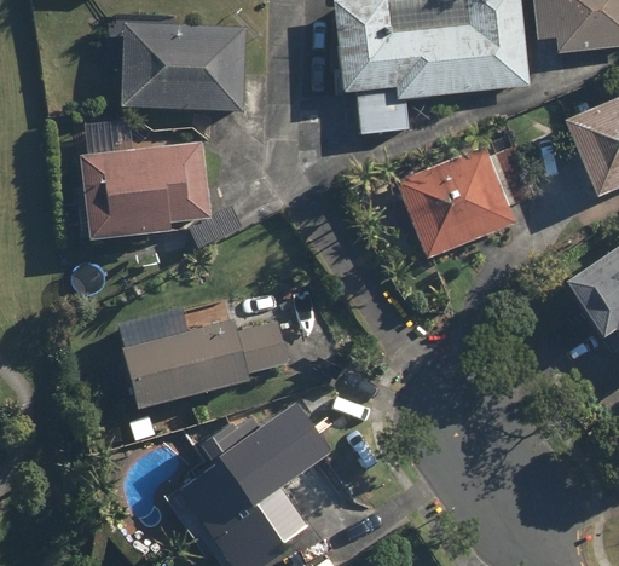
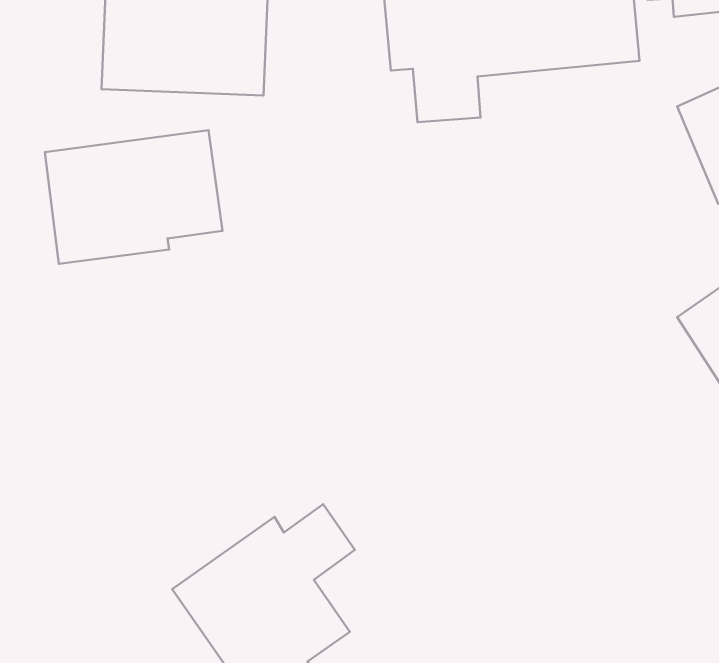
building: [397,142,539,259] -> none
building: [114,317,291,412] -> none

